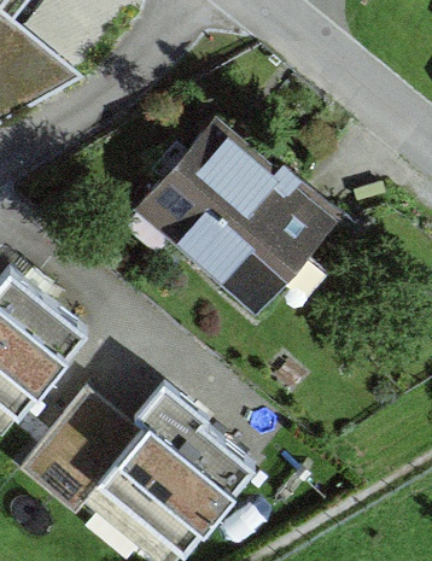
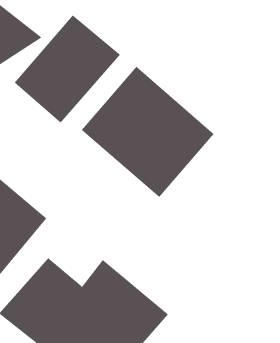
building: none -> [14,14,121,123]

